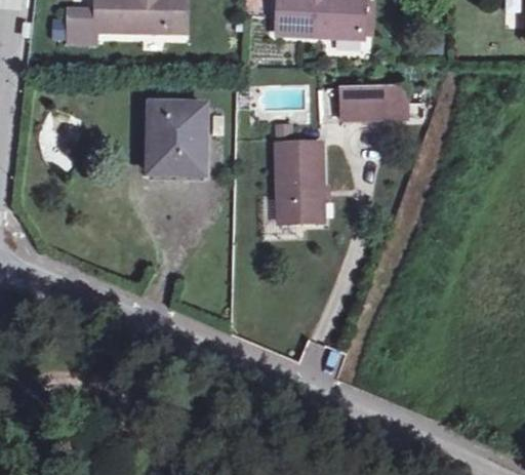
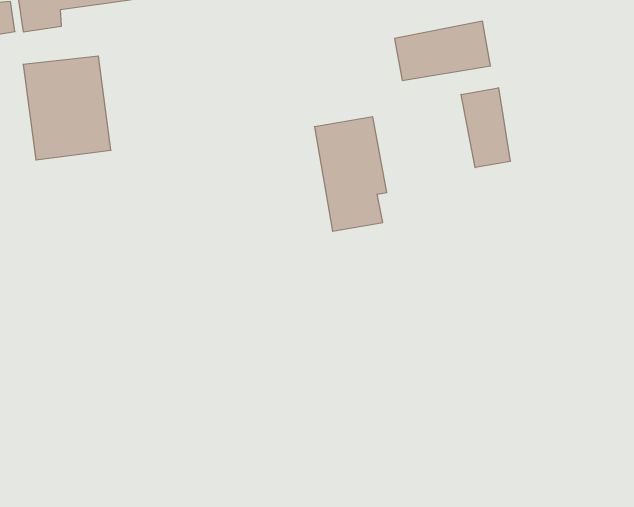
building: [151,102,208,174] -> [23,56,111,160]
building: none -> [461,88,510,168]

